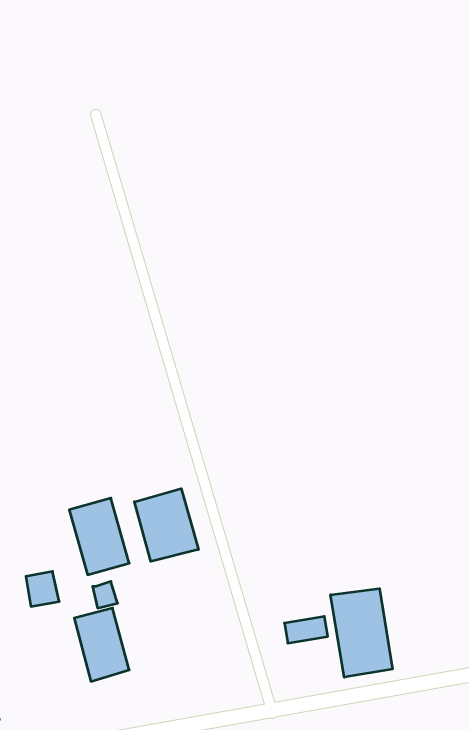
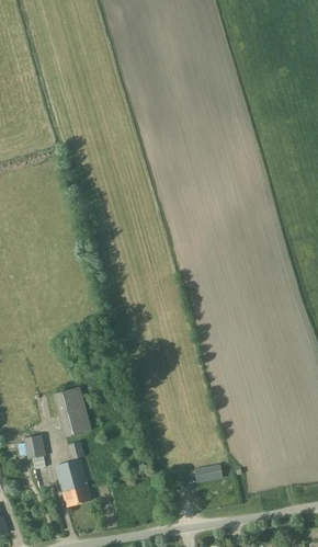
building: [134,489,198,561] -> none
building: [331,589,392,677] -> none

